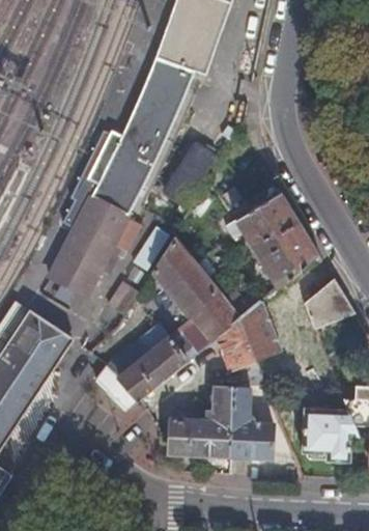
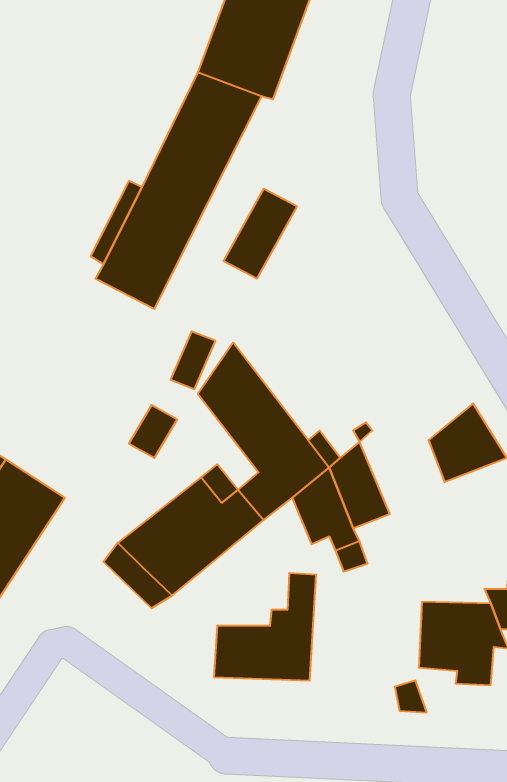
building: [225,191,319,289] -> none
building: [46,197,147,305] -> none
building: [228,389,273,458] -> none

